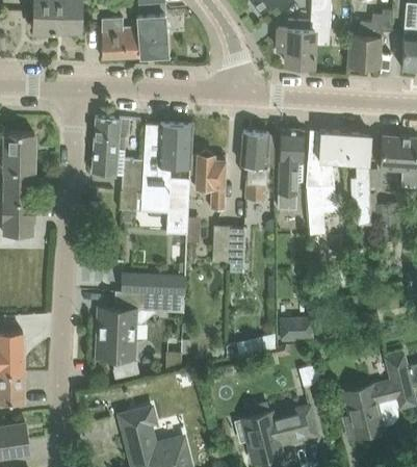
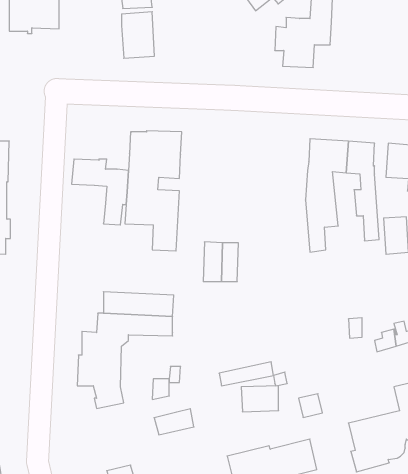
building: [347,10,392,70] -> none
building: [102,21,139,60] -> none
building: [94,118,130,152] -> none
building: [278,131,304,210] -> none
building: [241,133,268,200] -> none
building: [196,156,226,211] -> none
building: [280,318,314,342] -> [241,386,279,412]
building: [119,408,155,432] -> [154,409,194,435]

